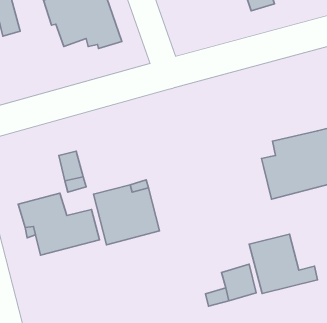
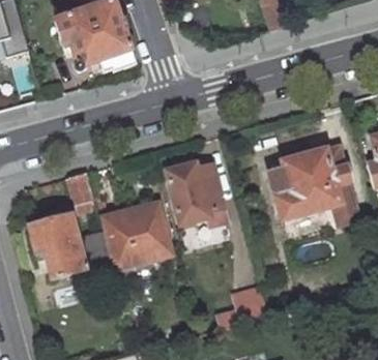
building: none -> [170,167,228,229]
building: [249,234,317,293] -> none

